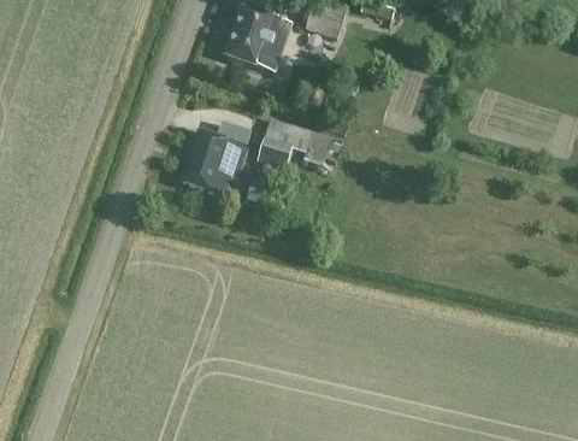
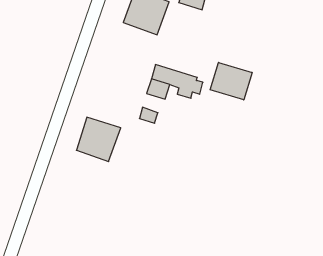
building: none -> [210,62,252,100]
building: [182,129,248,195] -> [76,117,121,162]

